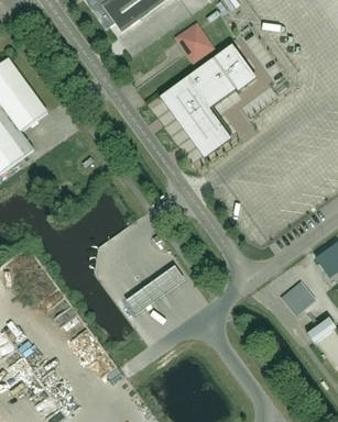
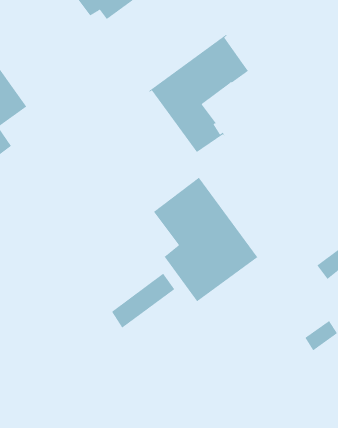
building: [181,27,215,64] -> none
building: none -> [153,177,258,302]
building: [282,278,315,311] -> none

